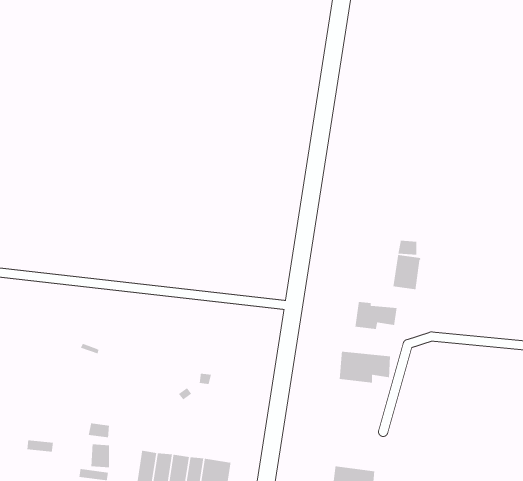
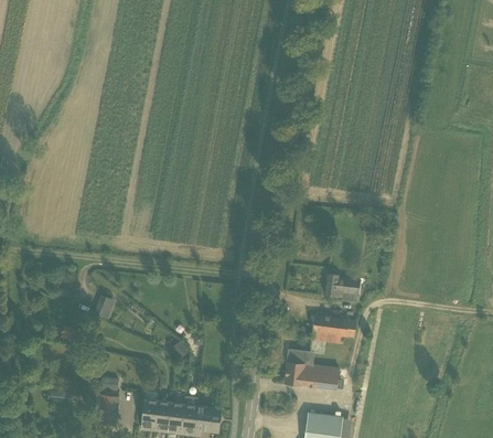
building: [393,254,423,290] -> none
building: none -> [285,349,344,389]

